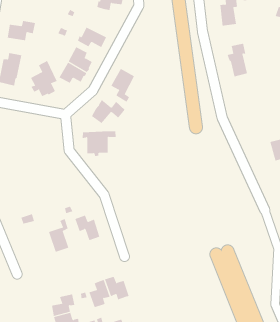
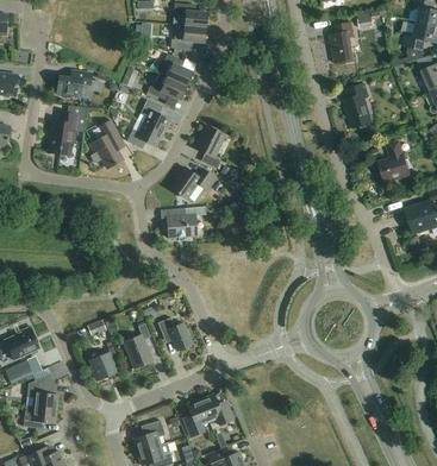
building: none -> [152,53,192,86]
building: none -> [379,141,411,182]
building: none -> [89,347,118,382]

